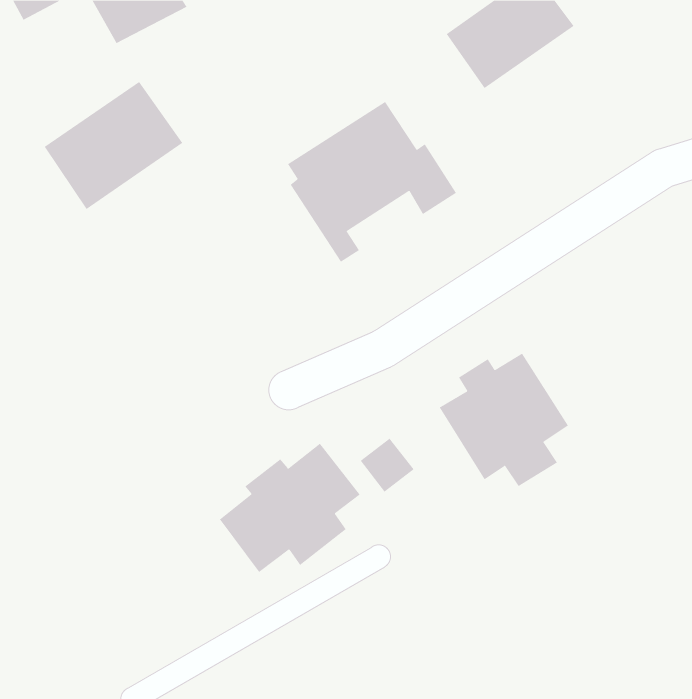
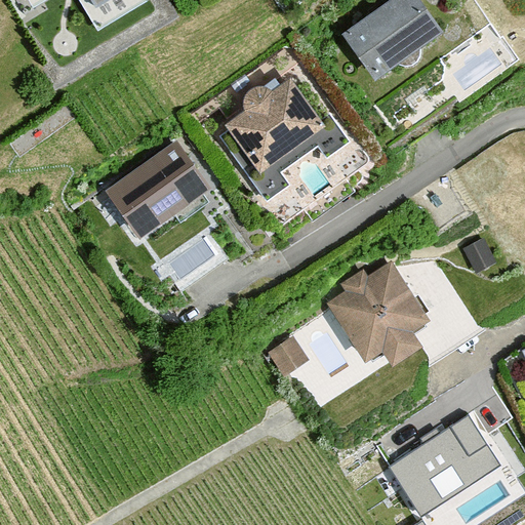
building: [44,81,183,210] -> [92,144,197,240]
building: [219,443,361,573] -> none
building: none -> [398,423,502,518]

